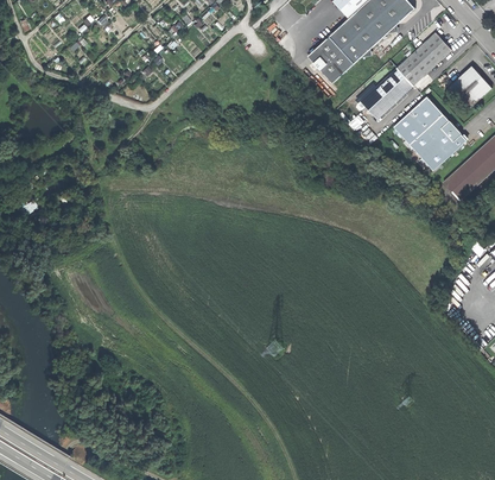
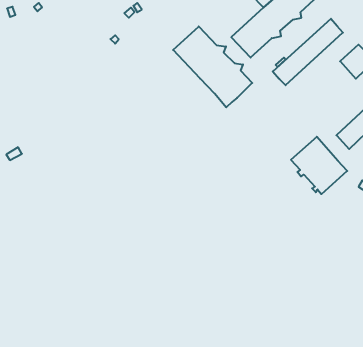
building: none -> [173,26,252,107]
building: [394,96,467,170] -> [291,137,347,194]

